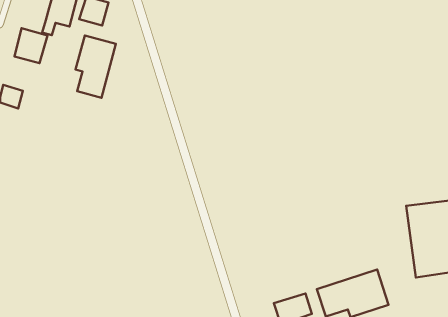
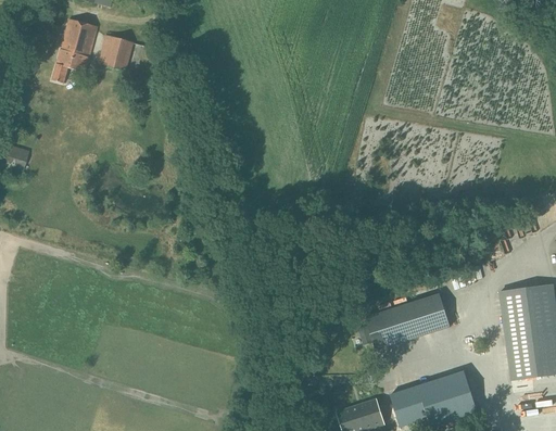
building: [14,28,48,63] -> none
building: [75,35,116,98] -> none
building: none -> [358,292,451,350]

